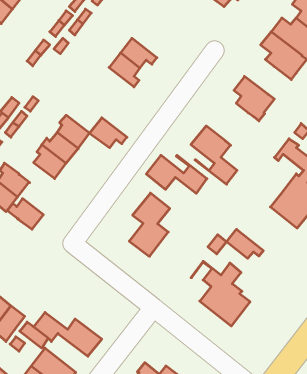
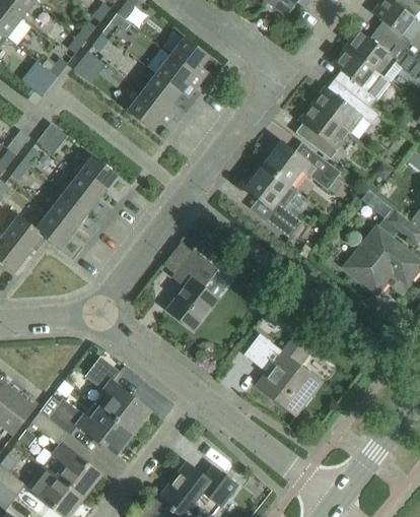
building: none -> [170,38,210,80]
building: none -> [311,82,378,133]
building: [90,118,127,148] -> [127,92,173,130]
building: [146,155,207,193] -> [264,142,340,190]
building: [8,199,43,229] -> [29,211,74,250]
building: [227,229,263,258] -> none
building: none -> [84,357,149,433]

